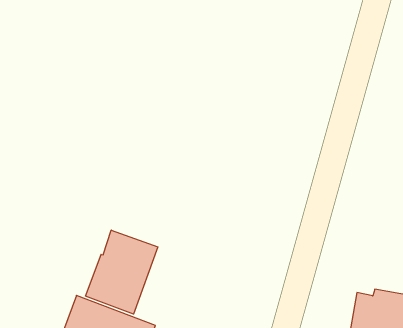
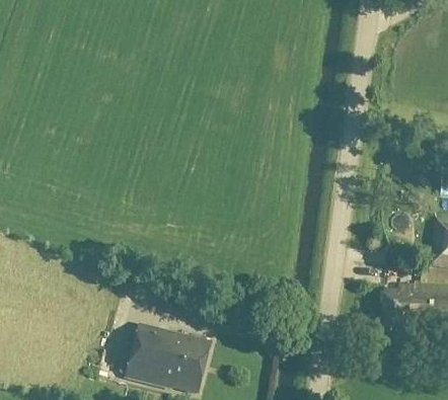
building: [85,230,158,314] -> none

